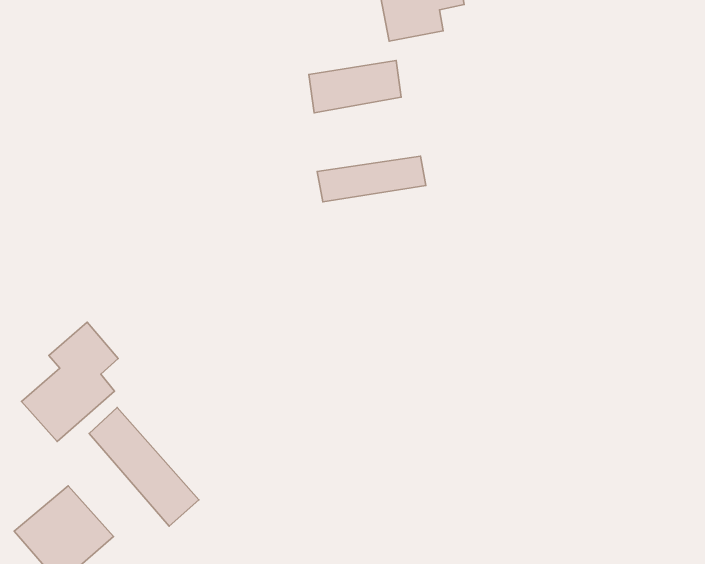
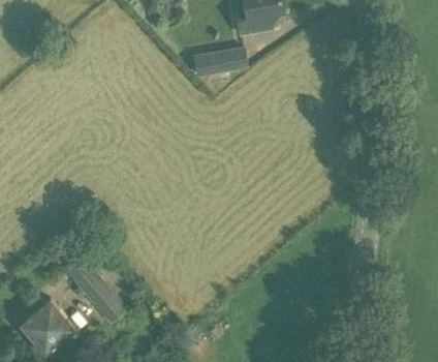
building: [317,156,426,202] -> none
building: [21,322,118,441] -> none

